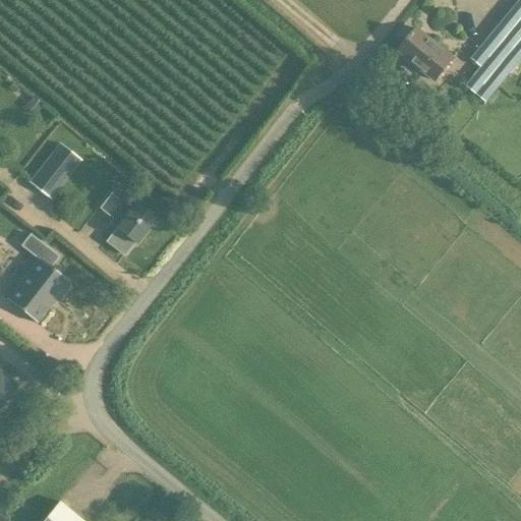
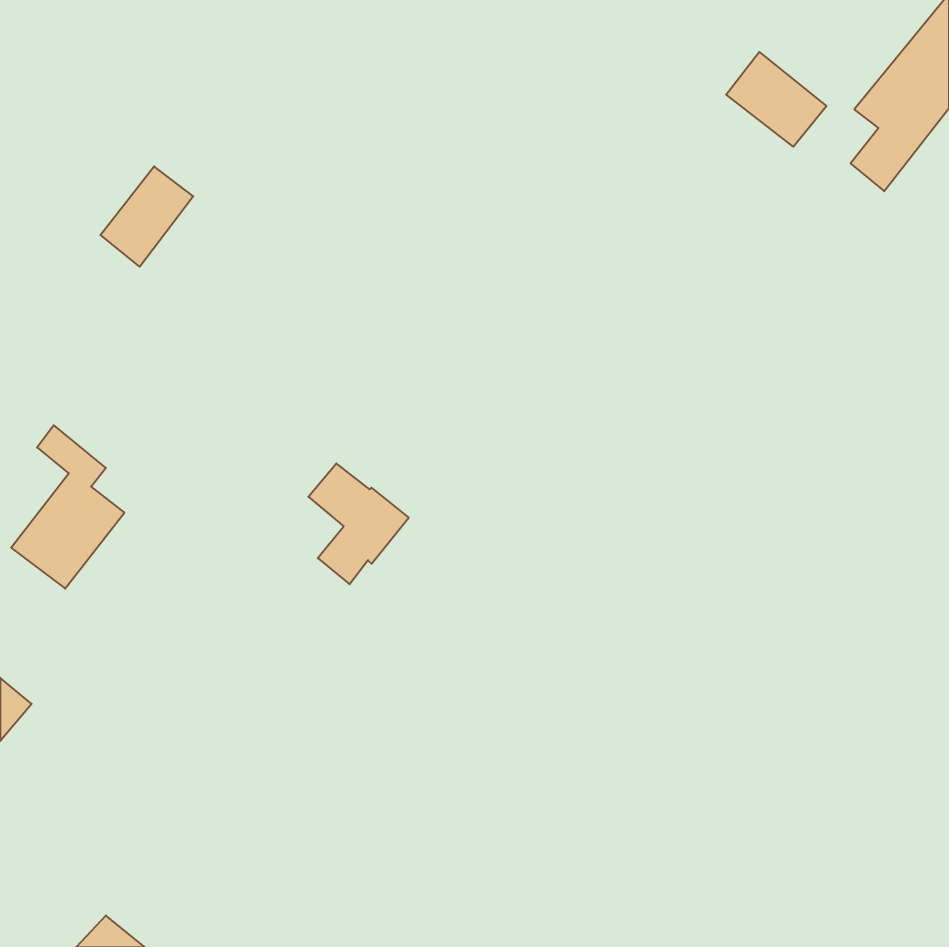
building: [28,141,79,196] -> [100,166,193,267]
building: [100,189,155,255] -> [308,463,409,584]

